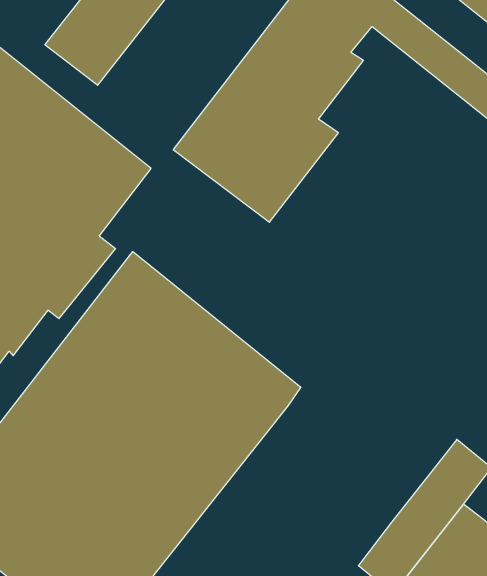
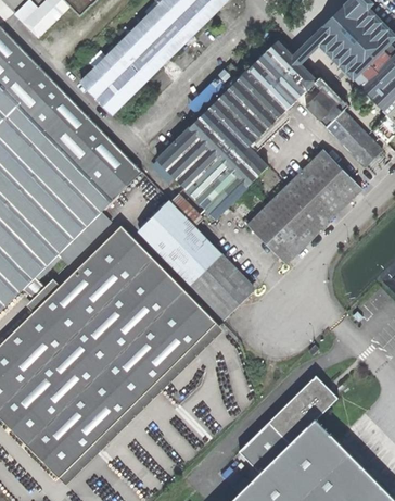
building: none -> [246,150,359,262]
building: none -> [138,192,254,320]

